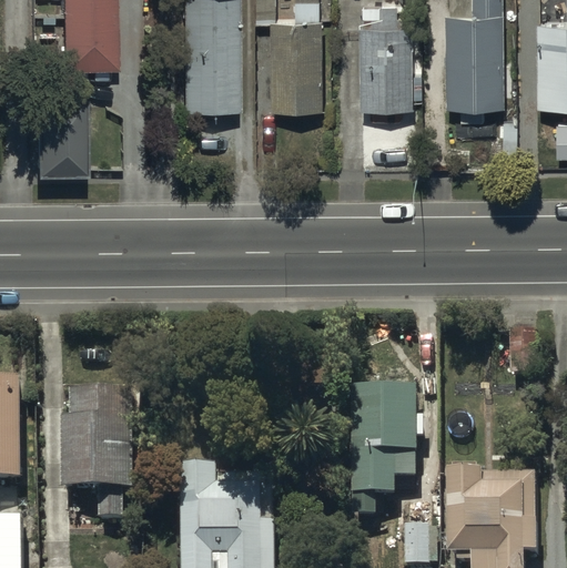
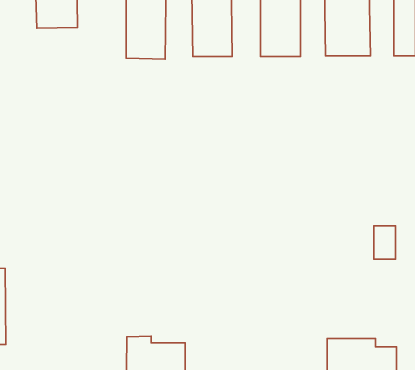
building: [37,103,87,174] -> none
building: [353,400,417,506] -> none
building: [67,403,131,504] -> none

